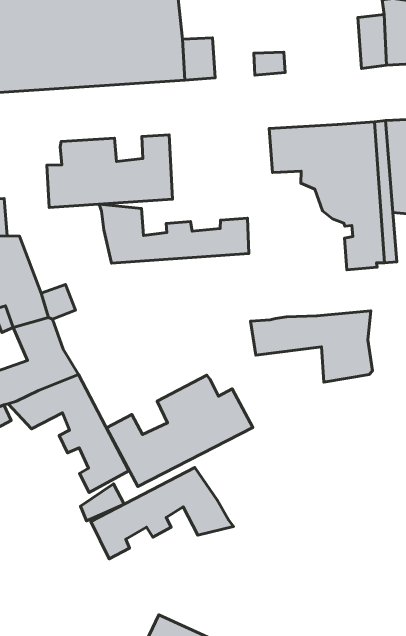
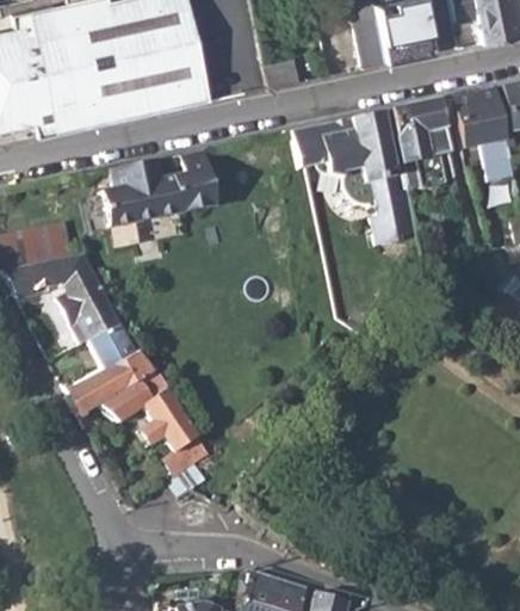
building: [99,204,249,263] -> none
building: [251,311,372,382] -> none
building: [106,375,253,486] -> none
building: [91,467,234,559] -> none

